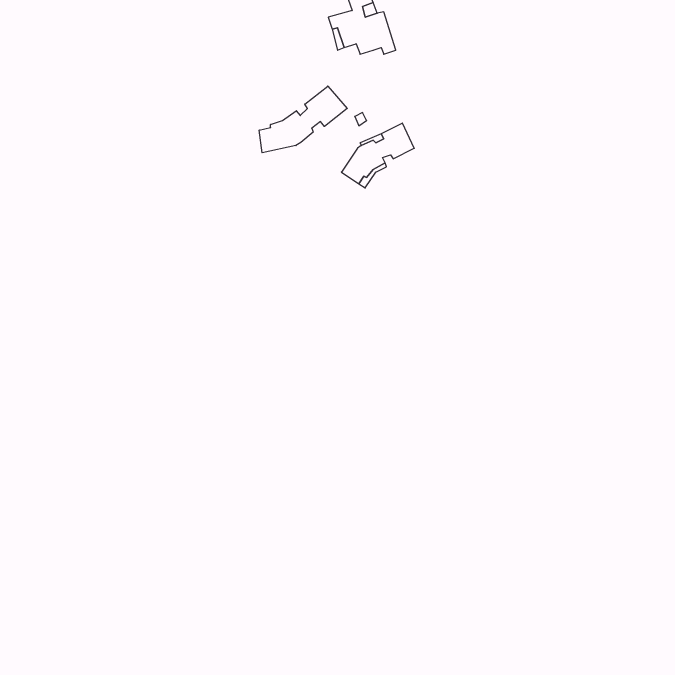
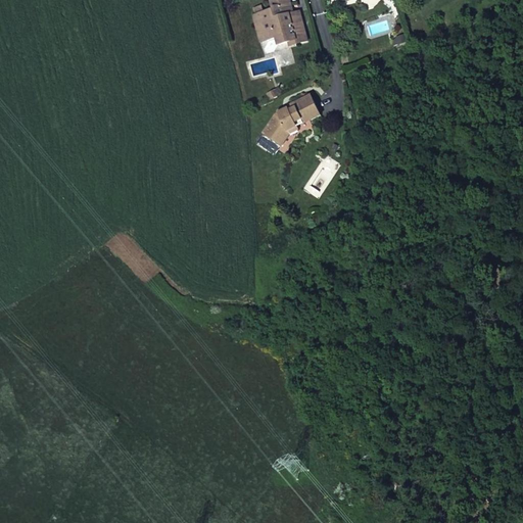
building: [259,86,347,153] -> none

